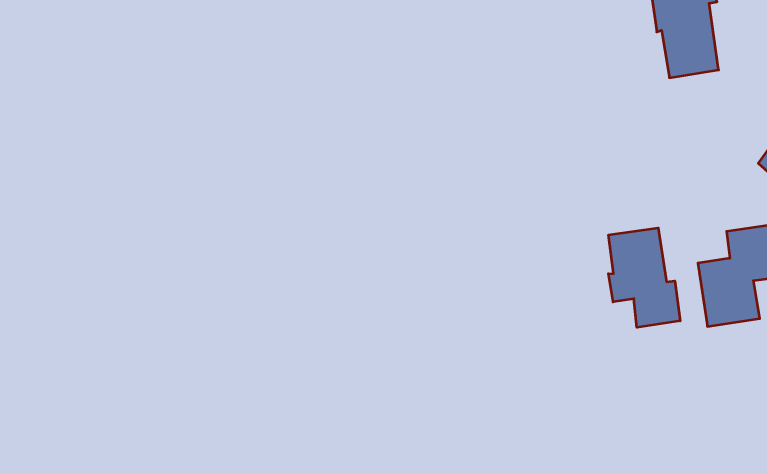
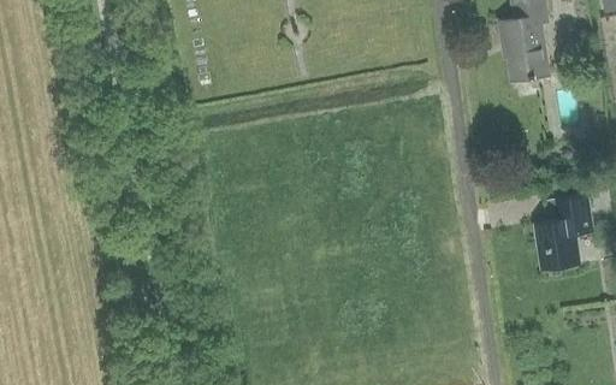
building: [608,228,680,327] -> none

